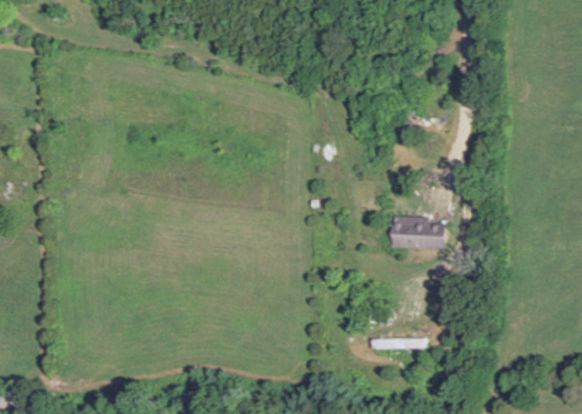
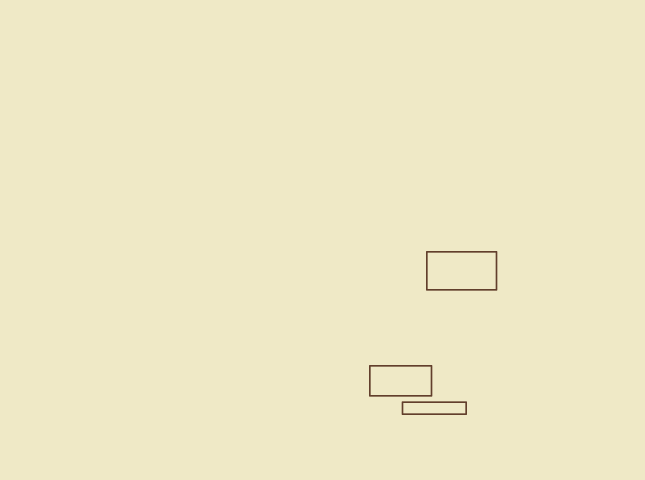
building: none -> [370,366,432,396]

